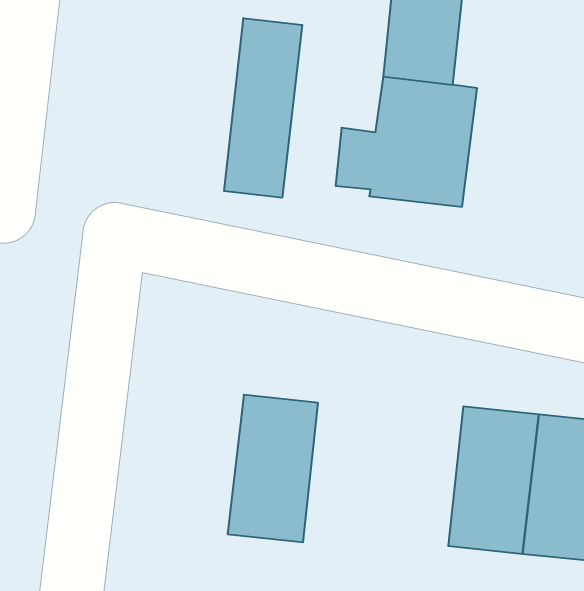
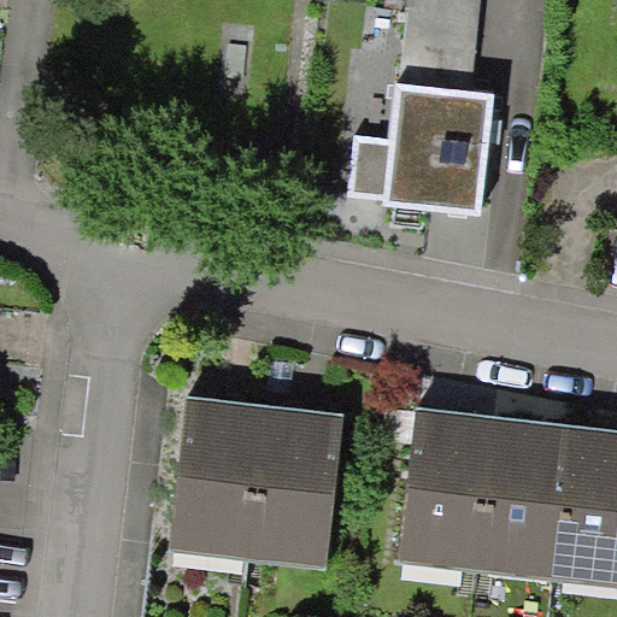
building: [224,18,302,198] -> none
building: none -> [169,401,263,554]
building: none -> [396,413,490,566]

